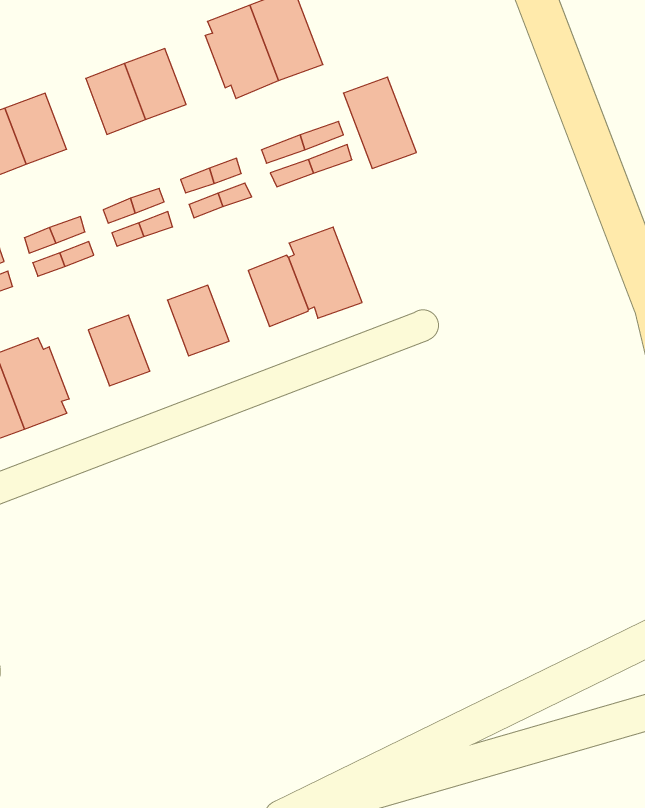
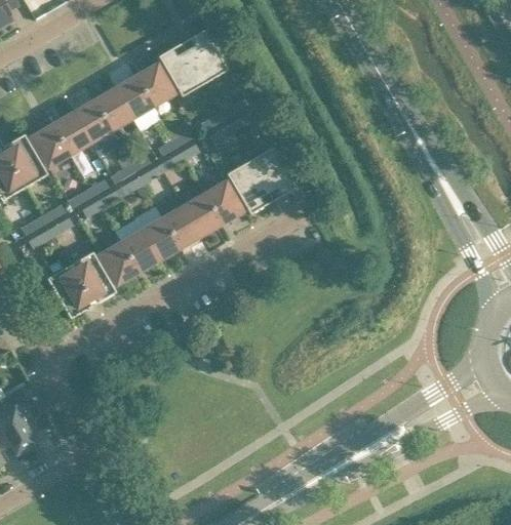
building: none -> [139,62,176,104]
building: [343,77,416,168] -> [251,146,299,199]
building: none -> [75,98,121,155]
building: none -> [186,192,225,234]
building: none -> [144,216,182,258]
building: none -> [101,241,140,283]

